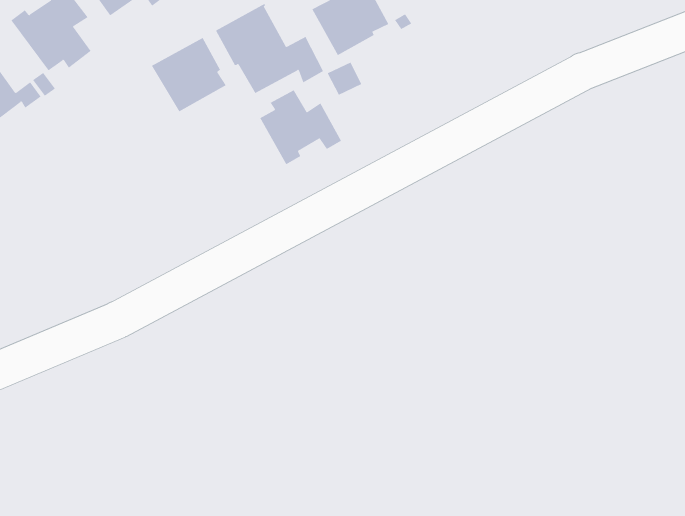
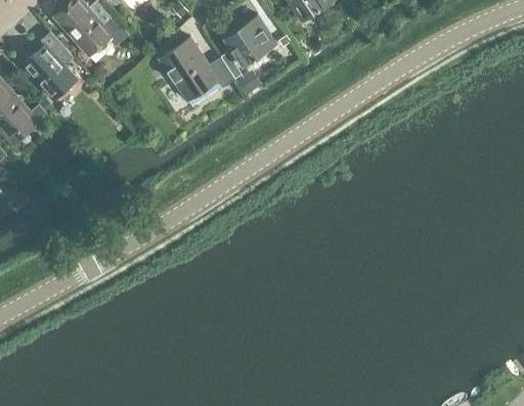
building: [151,37,227,112] -> none
building: [260,89,342,165] -> none

